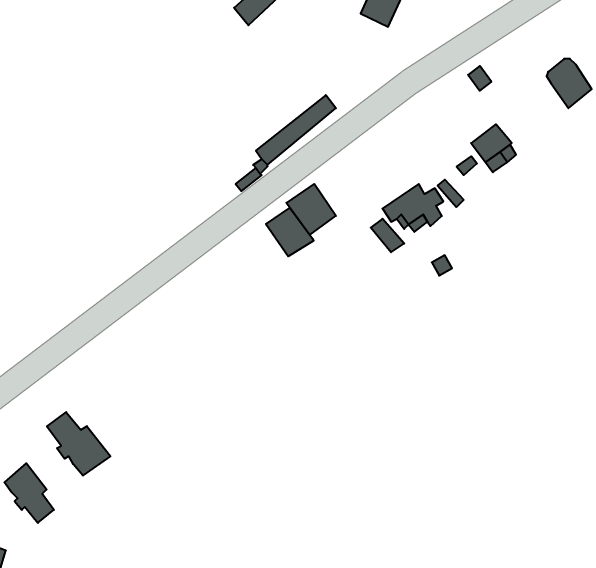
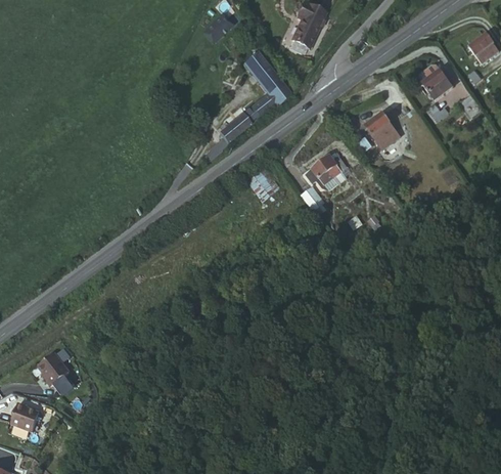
building: none -> [242,50,290,105]
building: [266,208,314,256] -> none
building: [47,412,110,476] -> none

